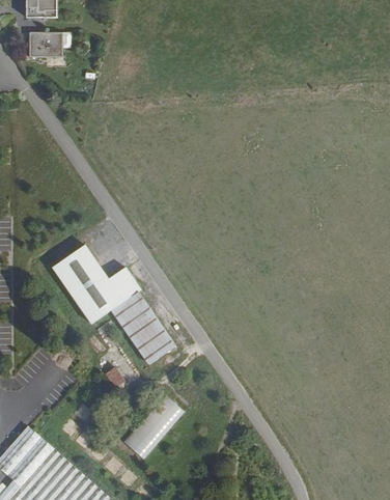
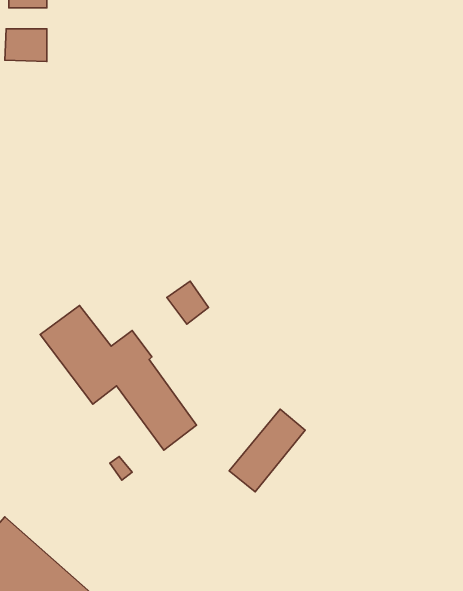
building: none -> [167,281,209,324]
building: [127,391,187,456] -> [229,409,305,492]

